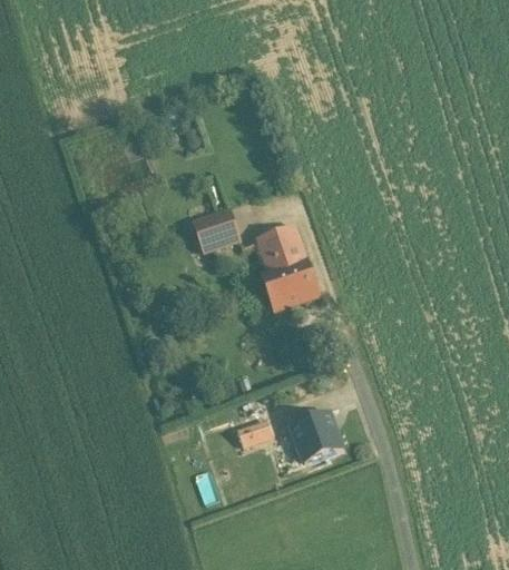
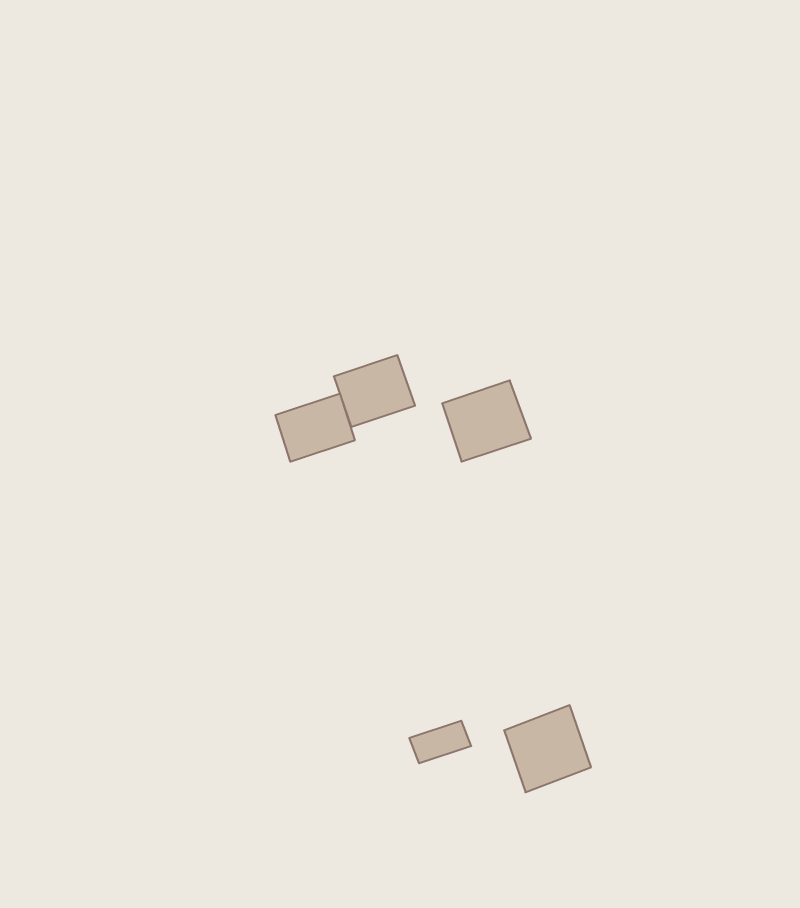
building: none -> [275,393,355,462]
building: [261,257,321,312] -> none

